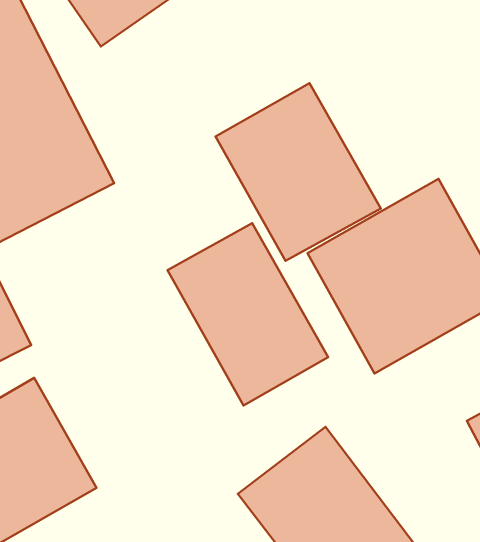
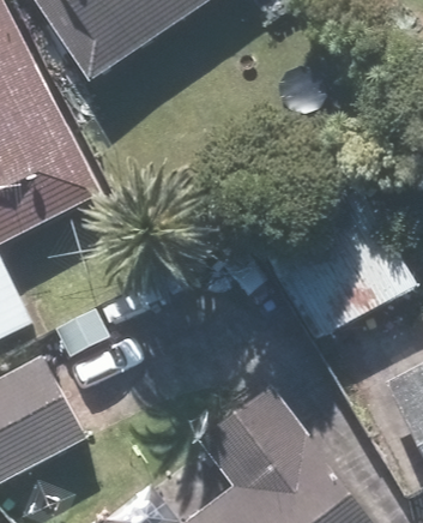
building: [216,83,381,261] -> none
building: [168,223,328,406] -> none

